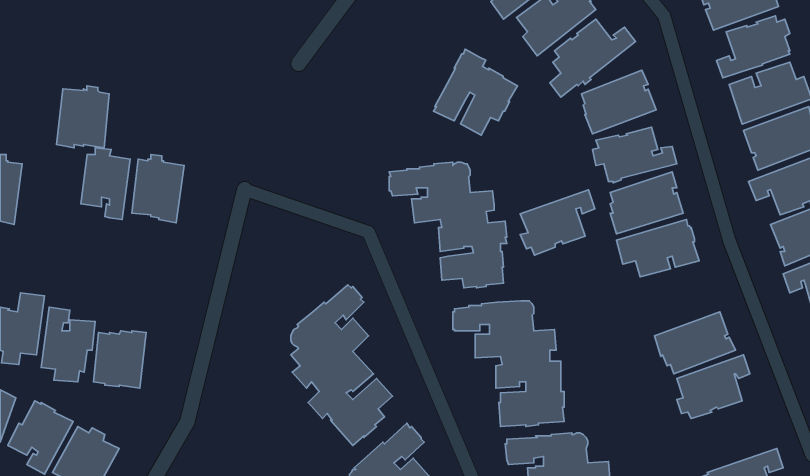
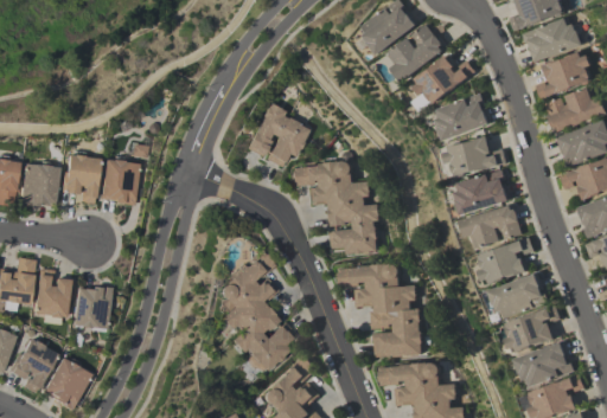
building: [433,49,518,135] -> [245,103,308,167]
building: [57,86,109,148] -> [18,161,57,207]
building: [520,190,595,255] -> [479,237,535,285]
building: none -> [515,340,575,387]

